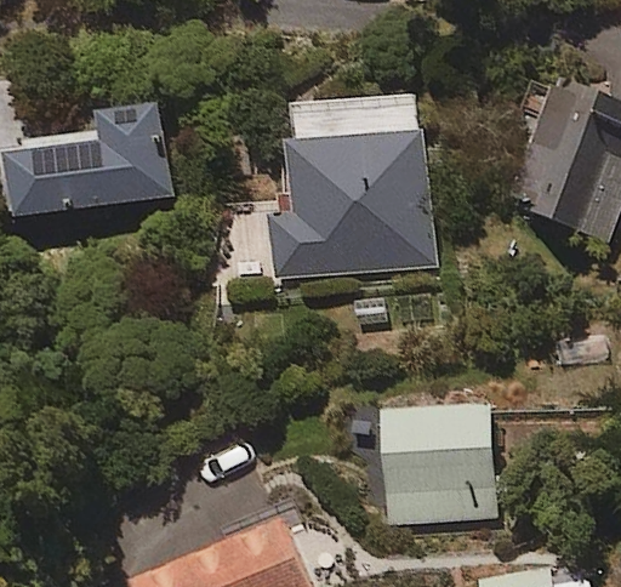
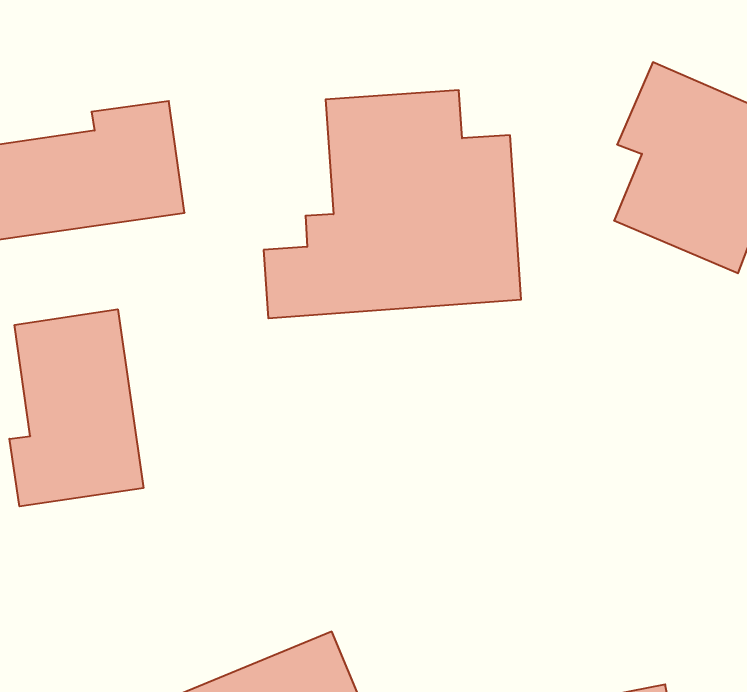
building: none -> [9,309,143,506]
building: [383,405,494,519] -> none

